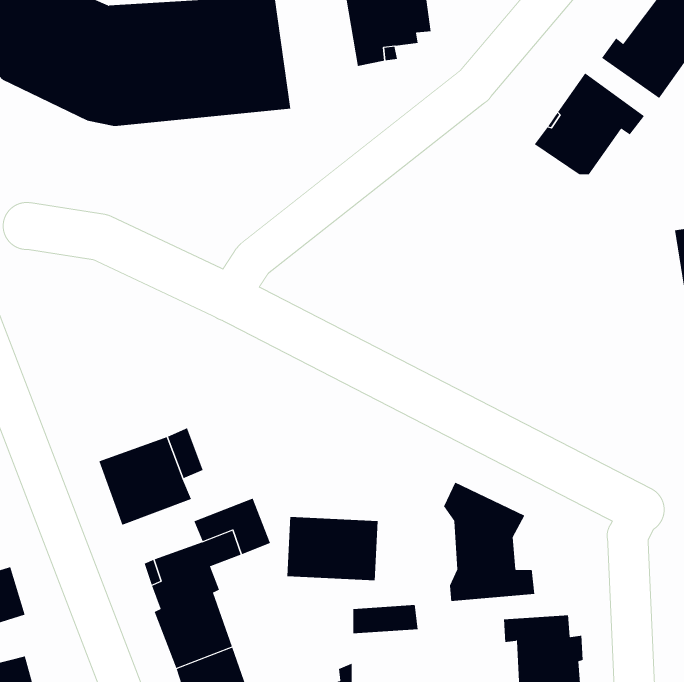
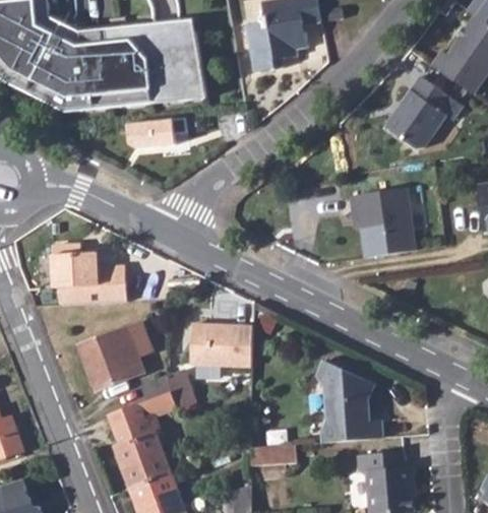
building: none -> [133,118,193,148]
building: none -> [351,186,414,255]
building: none -> [56,249,132,305]
building: [286,516,379,581] -> [194,321,258,366]

